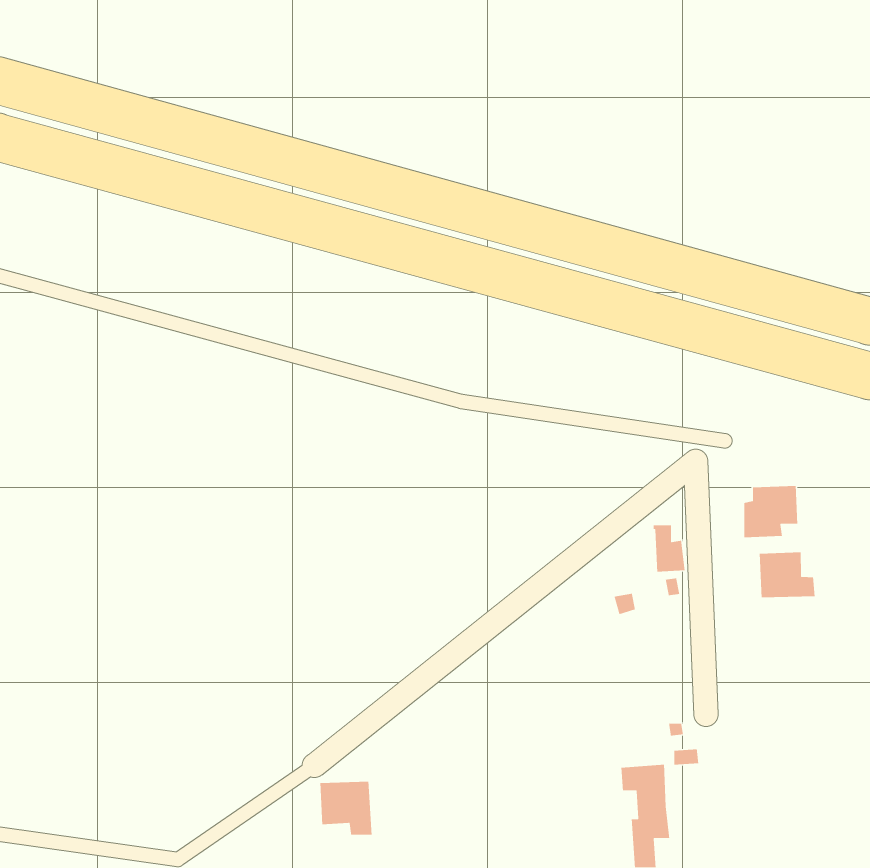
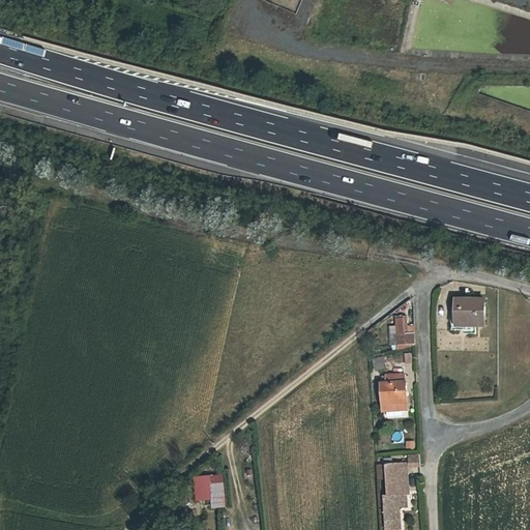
building: [759,551,816,598] -> none
building: none -> [381,377,406,413]

